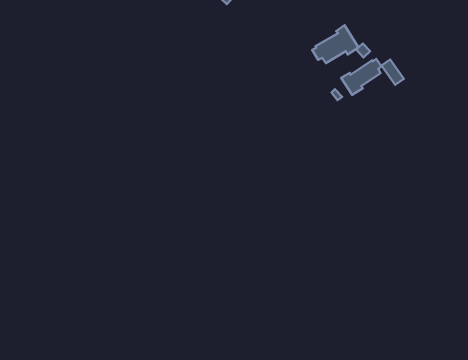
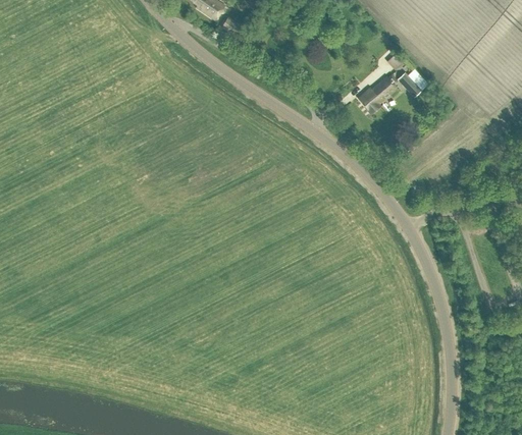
building: [312,25,358,63] -> none

